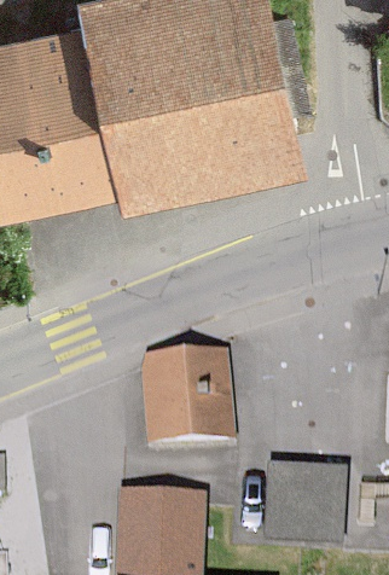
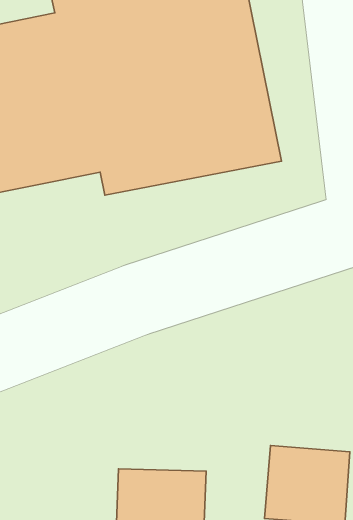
building: [143,349,240,446] -> none

